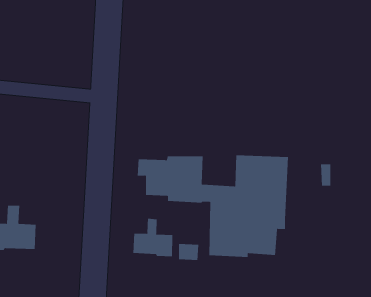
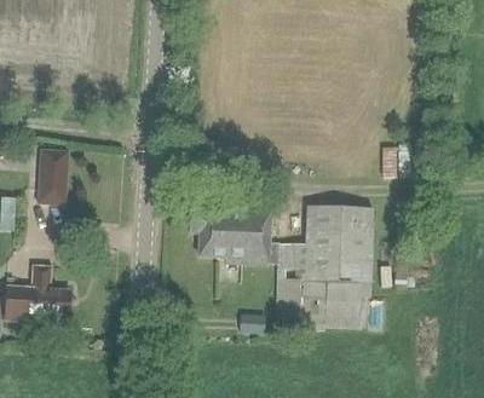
building: none -> [38,151,68,206]
building: [133,218,173,257] -> none

